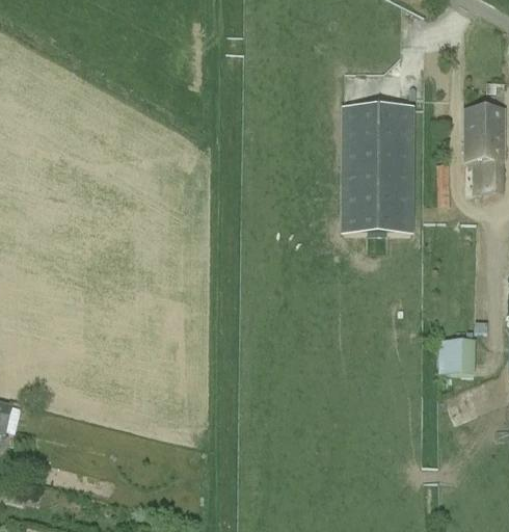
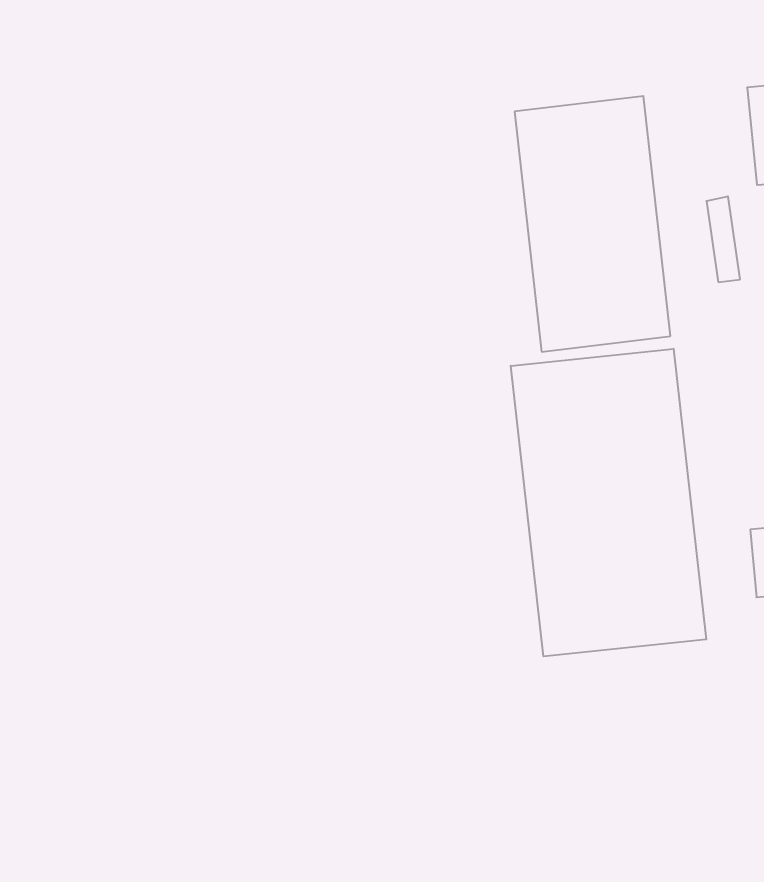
building: none -> [511,349,706,656]

